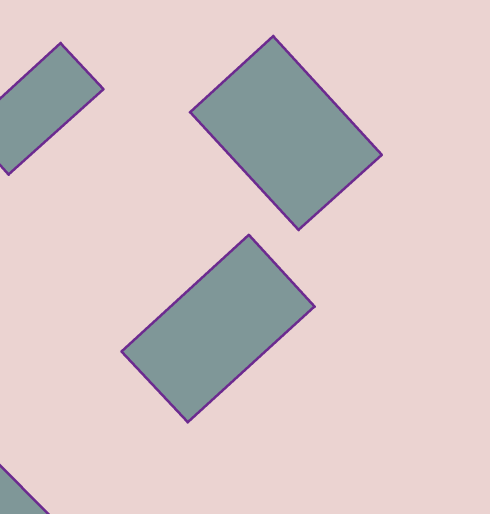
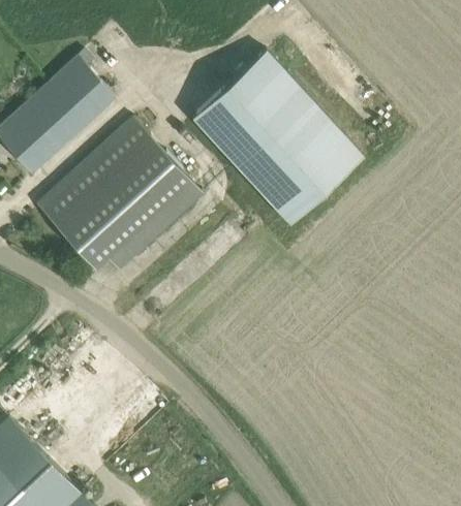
building: none -> [37,118,202,270]
building: [122,235,315,422] -> none

